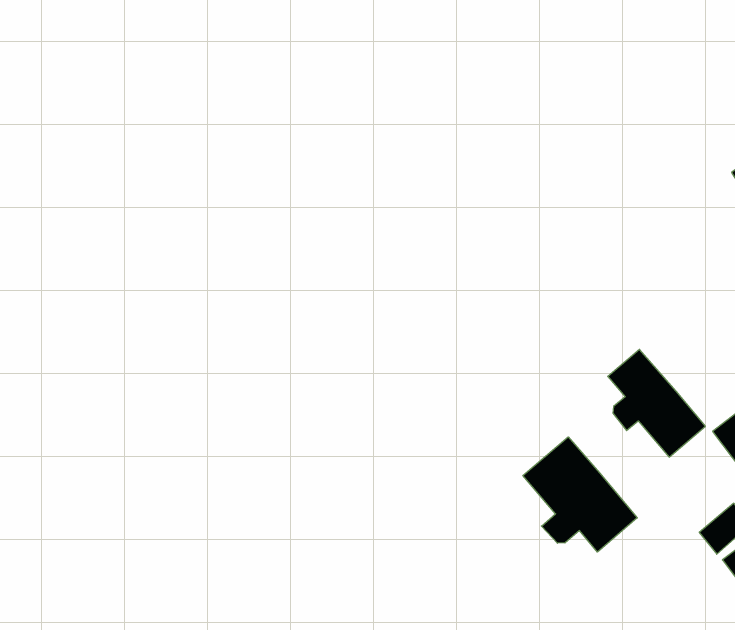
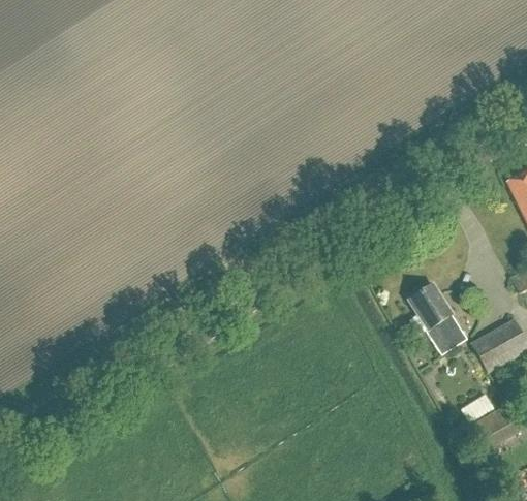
building: [523,437,637,552] -> none

